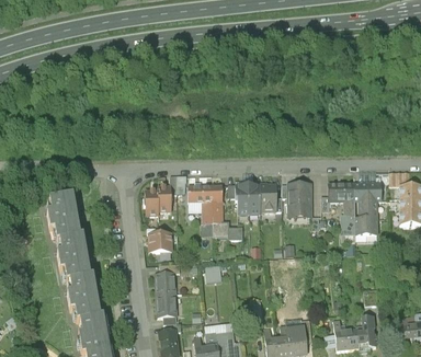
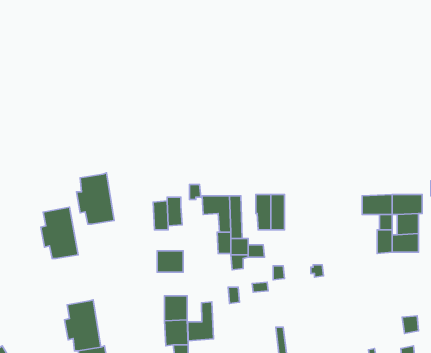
building: [261,182,276,210] -> none
building: [288,182,312,217] -> none
building: [57,234,90,279] -> [77,173,114,224]
building: none -> [188,302,214,341]

